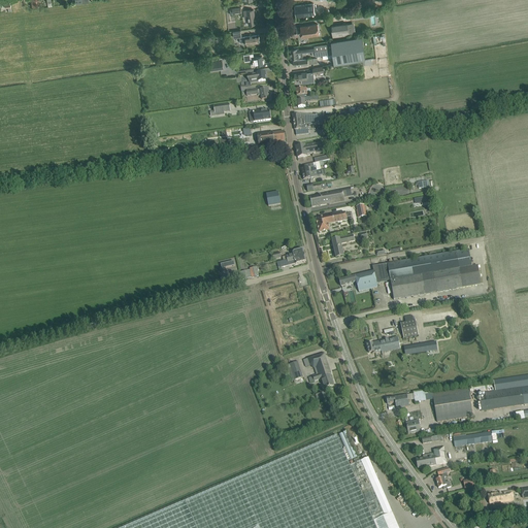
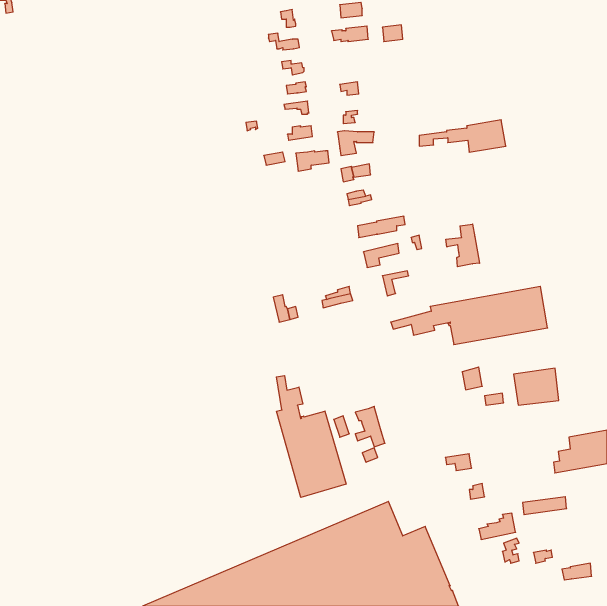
building: [291,35,366,63] -> [419,120,506,152]
building: none -> [446,224,480,267]
building: none -> [276,376,346,497]
building: [367,331,400,353] -> none
building: [433,389,472,421] -> [514,368,559,405]

